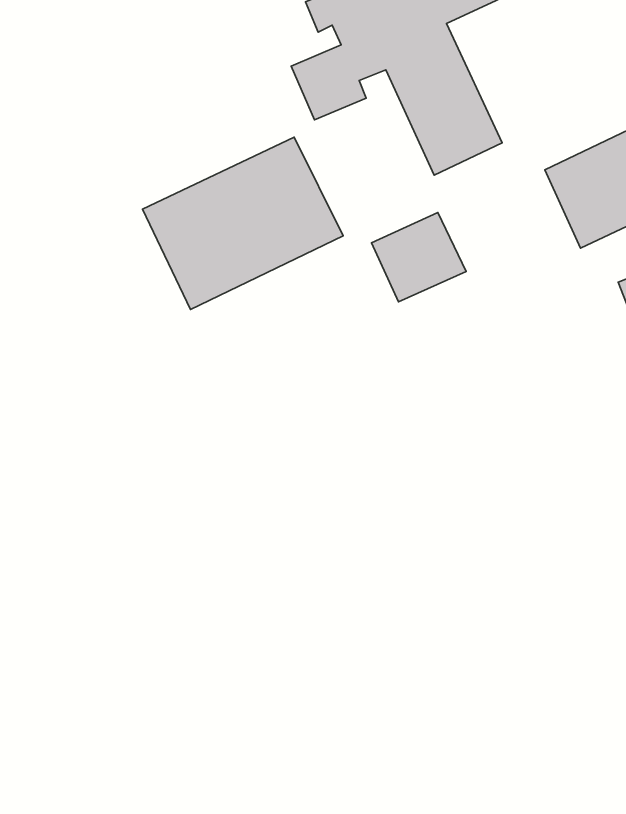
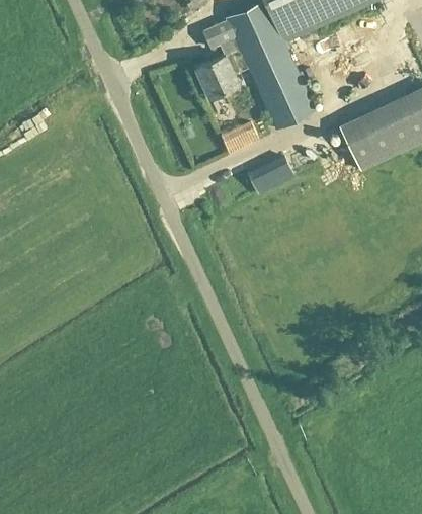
building: [142,137,343,309] -> none
building: none -> [223,122,259,152]

